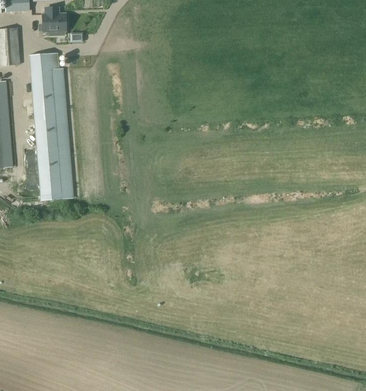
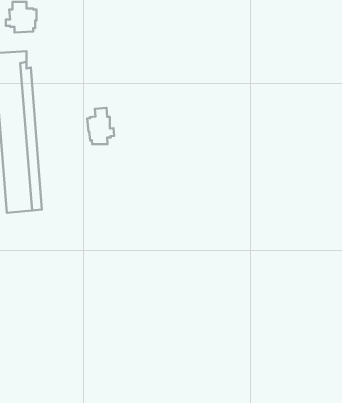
building: none -> [87,108,114,144]

